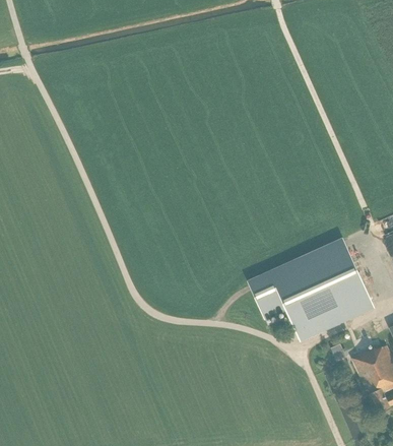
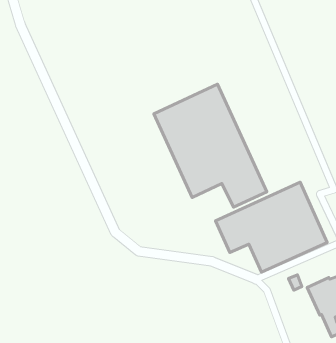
building: none -> [154,84,267,207]

